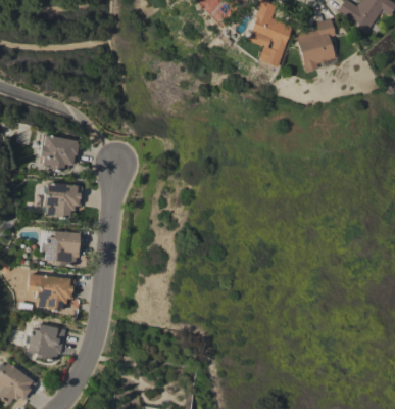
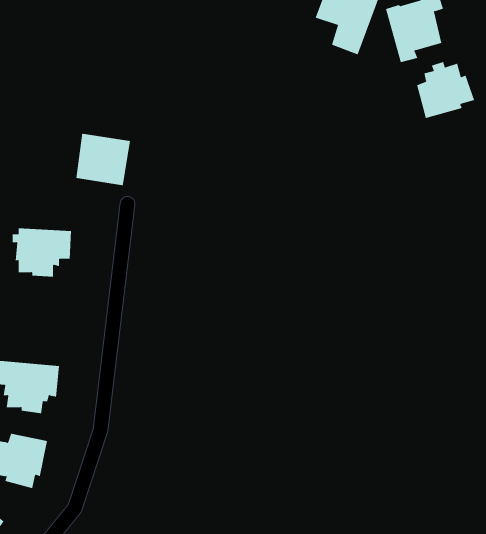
building: none -> [416,61,475,119]
building: [40,135,78,171] -> [75,133,131,186]
building: [43,230,81,266] -> none

